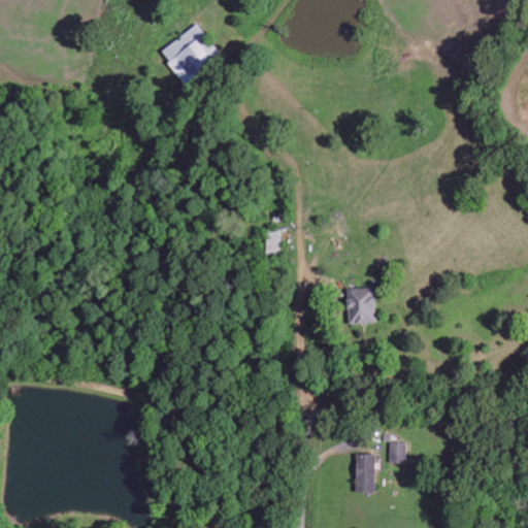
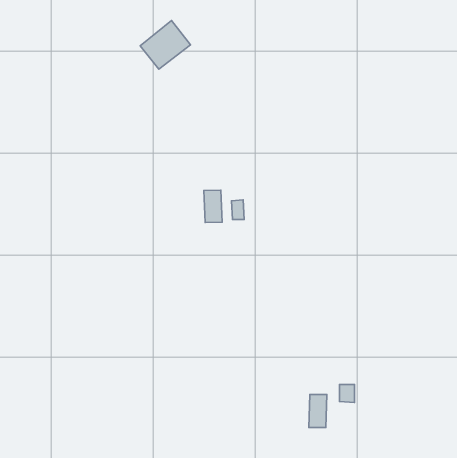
building: none -> [204,190,222,223]
building: [345,287,375,324] -> none

